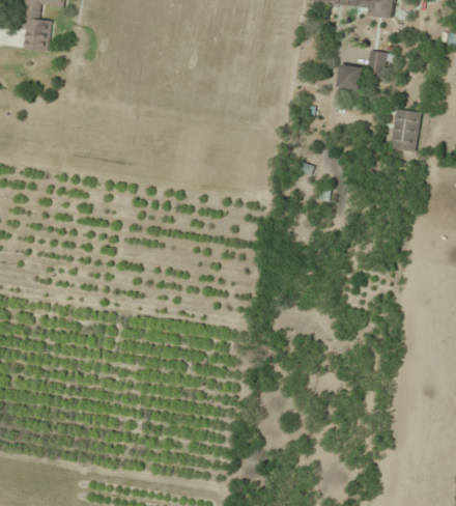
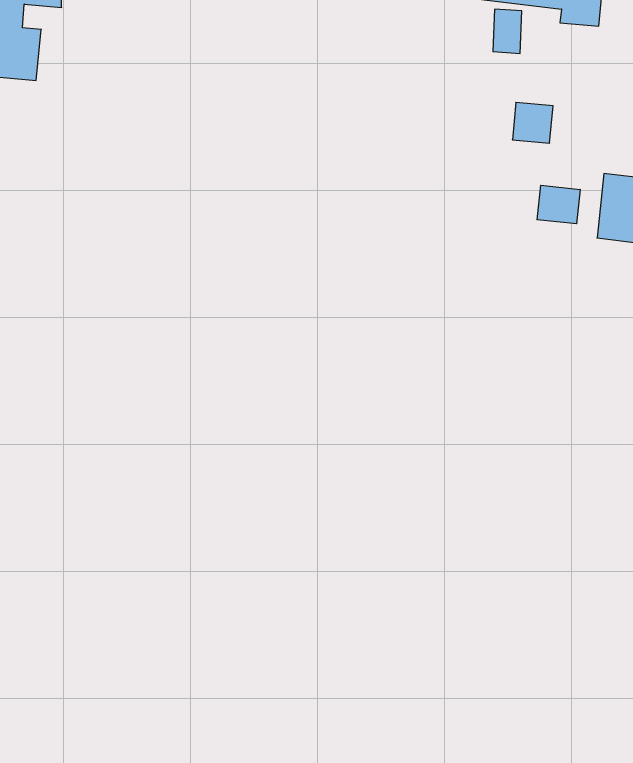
building: [367,51,384,78] -> [493,9,522,53]
building: none -> [537,185,580,224]

